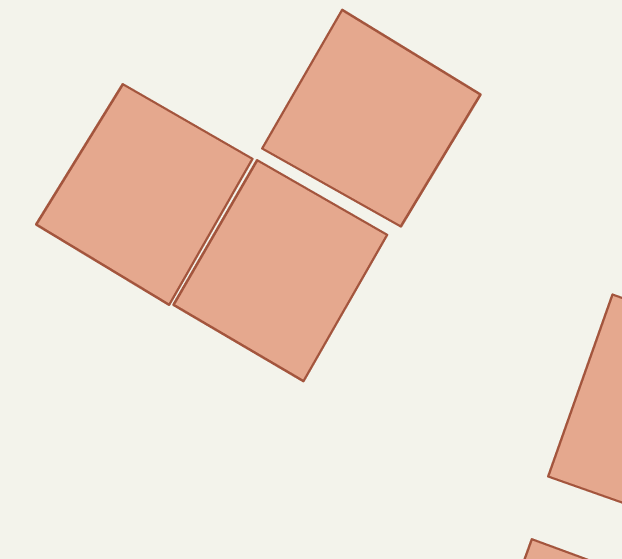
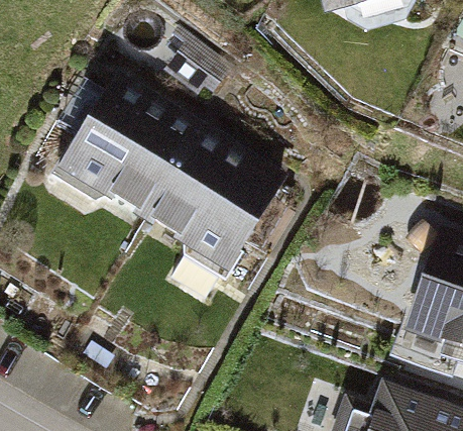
building: [262,10,481,227] -> none

